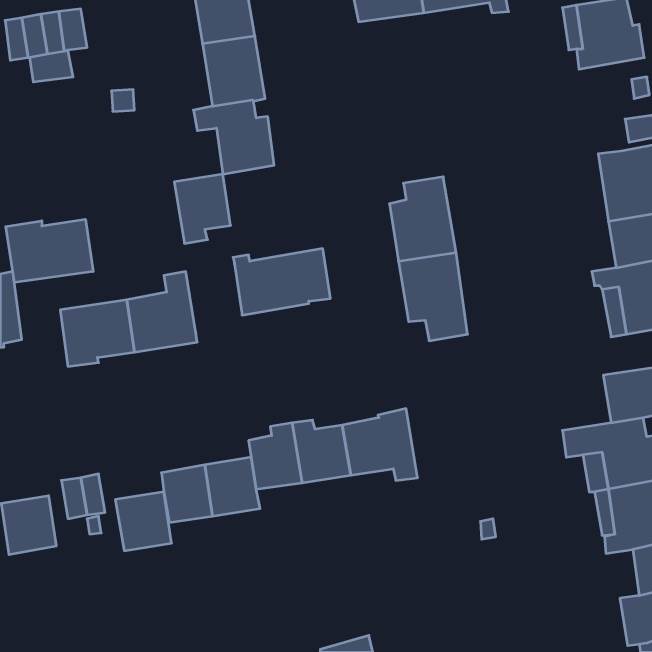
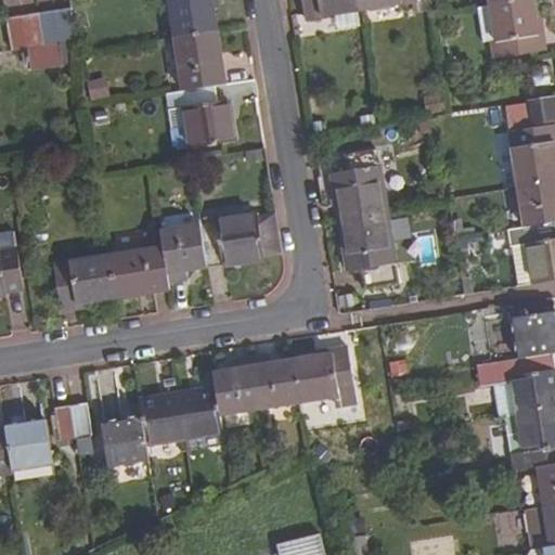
building: [174,174,231,243] -> [159,223,207,282]
building: [6,219,93,283] -> none

